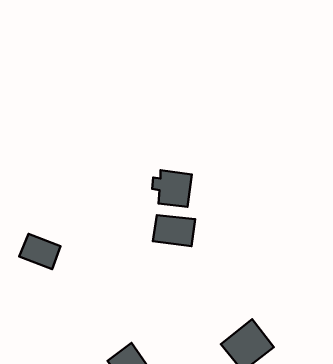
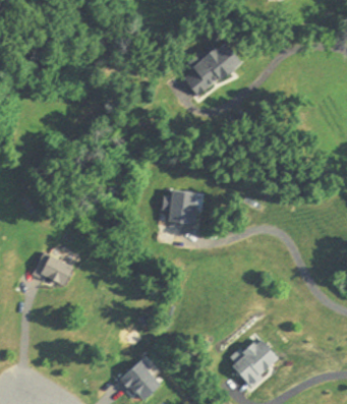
building: none -> [182,37,243,96]
building: [153,215,195,246] -> none

